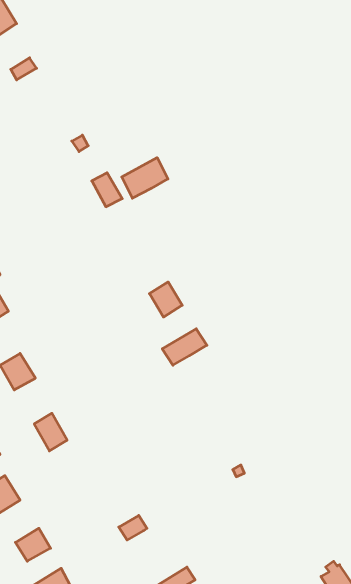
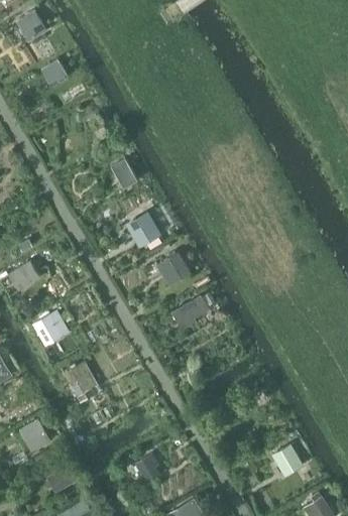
building: [122,158,168,198] -> none
building: none -> [133,212,163,244]
building: none -> [272,443,304,476]

